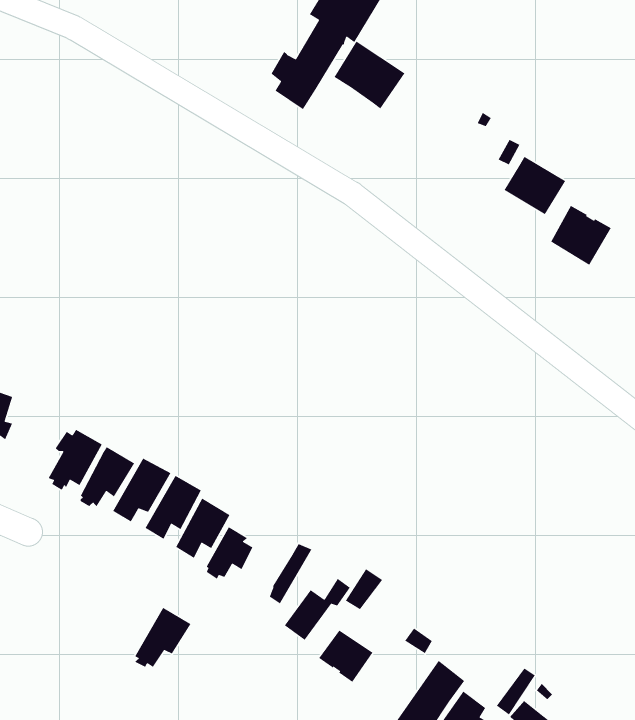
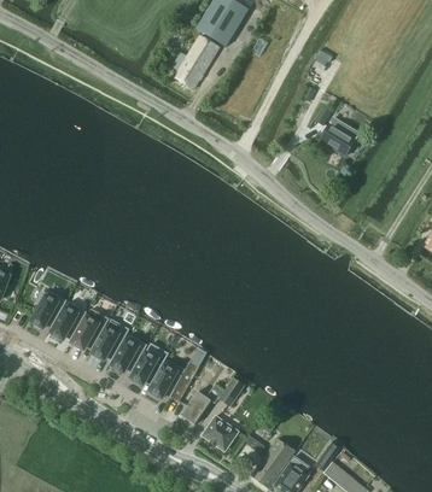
building: [334,40,405,109] -> none
building: [550,205,612,266] -> none
building: [134,607,191,668] -> [150,359,186,398]

